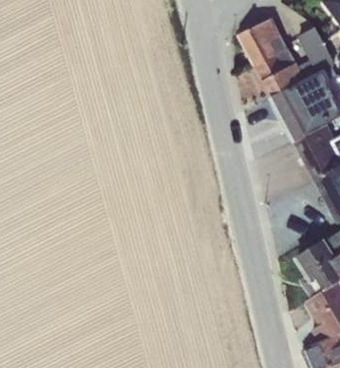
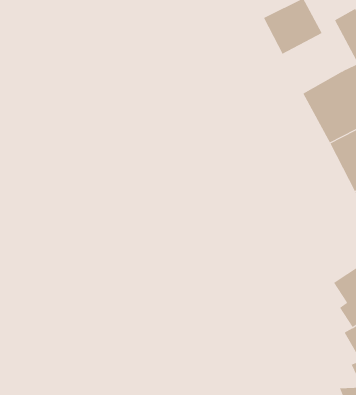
building: [254,47,305,98] -> none

